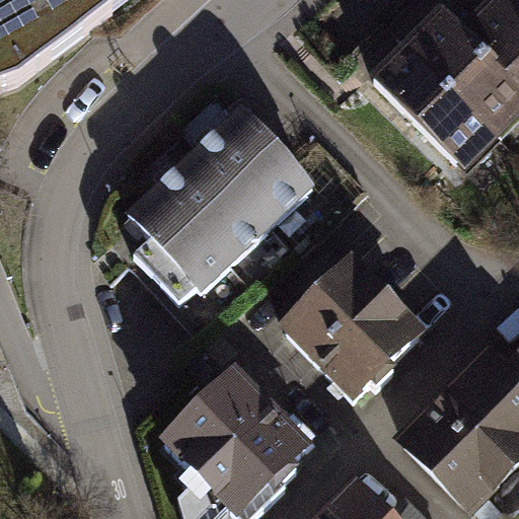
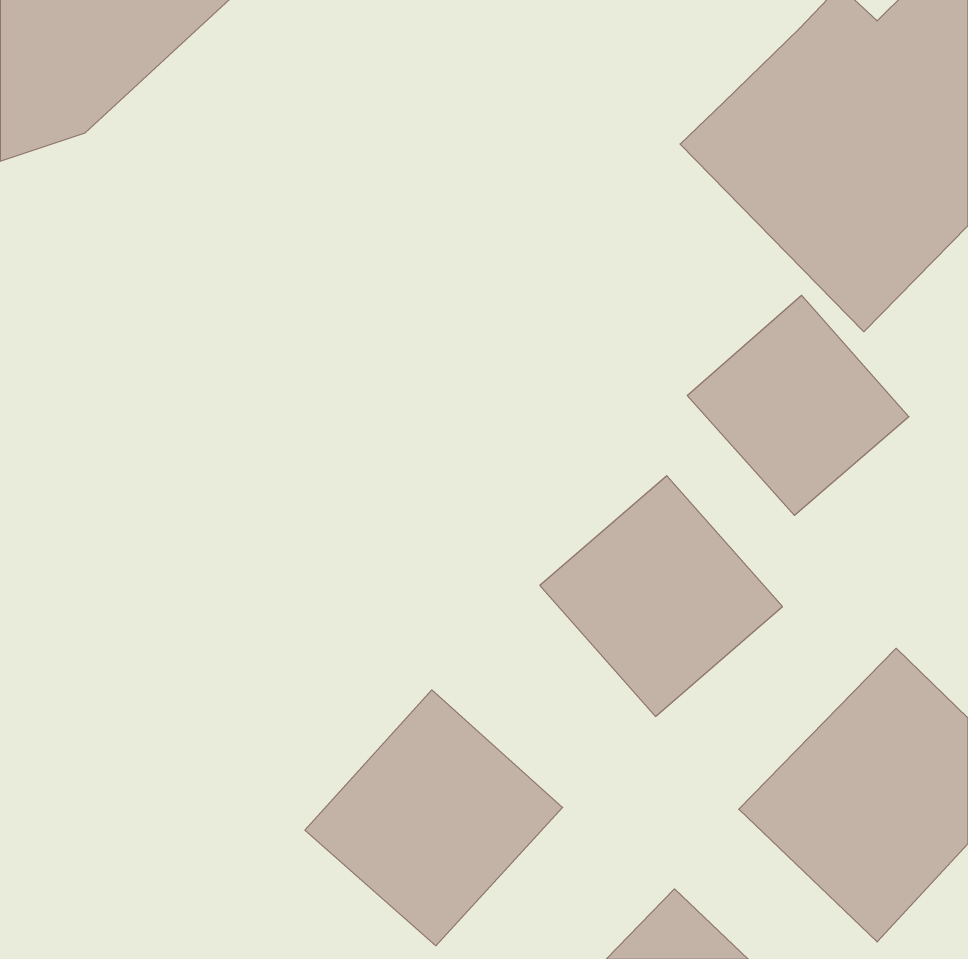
building: [134,109,318,290] -> none
building: none -> [687,295,909,515]

